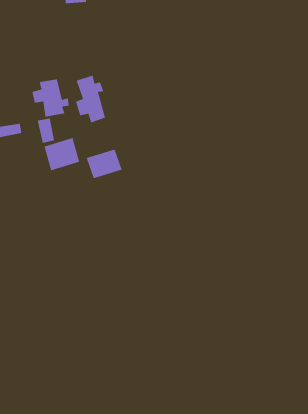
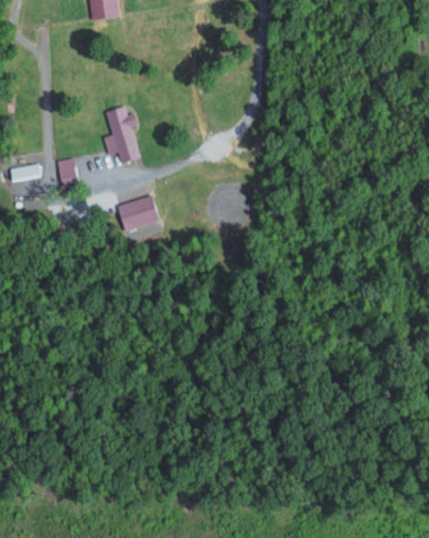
building: [32,78,69,118] -> none
building: [44,137,80,171] -> none

